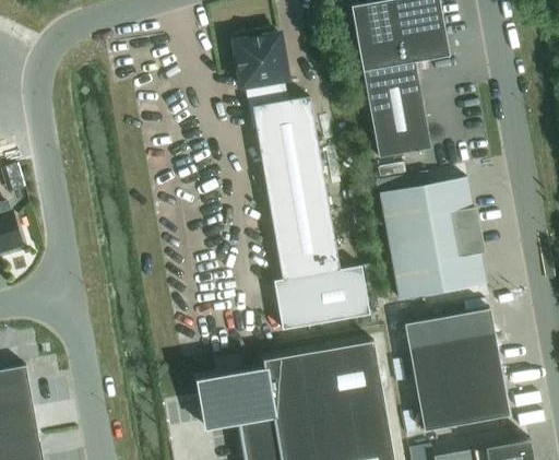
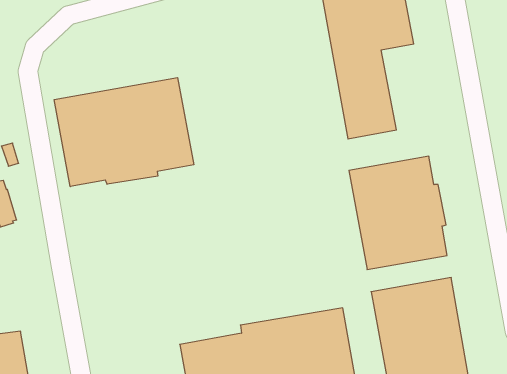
building: [235,34,368,330] -> none
building: none -> [54,78,194,187]

